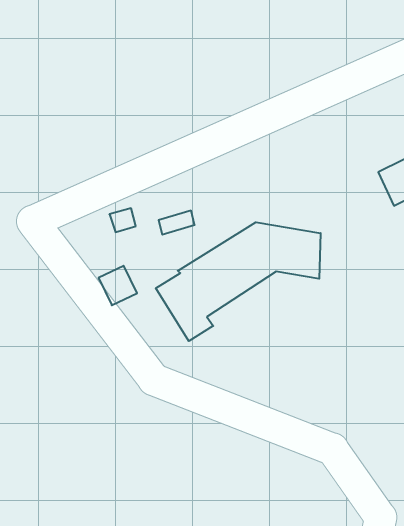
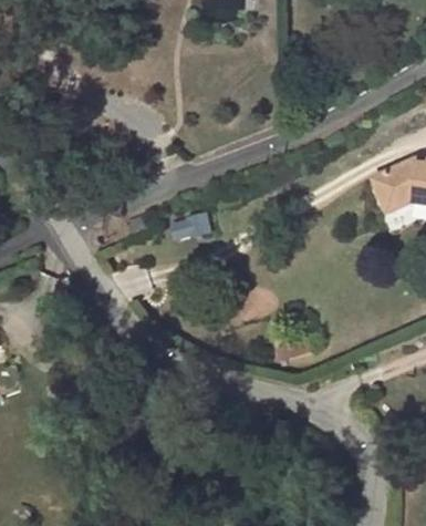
building: [156,222,321,341] -> none

